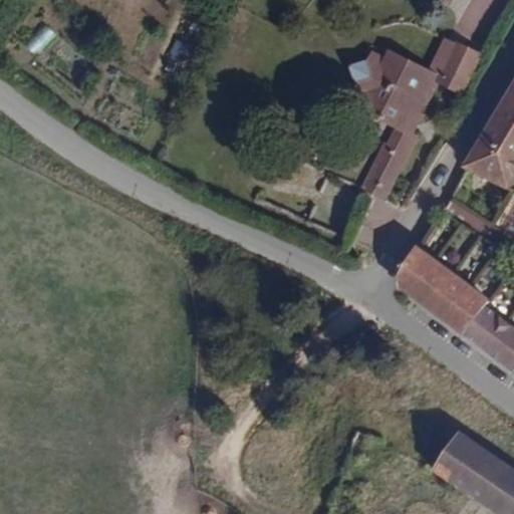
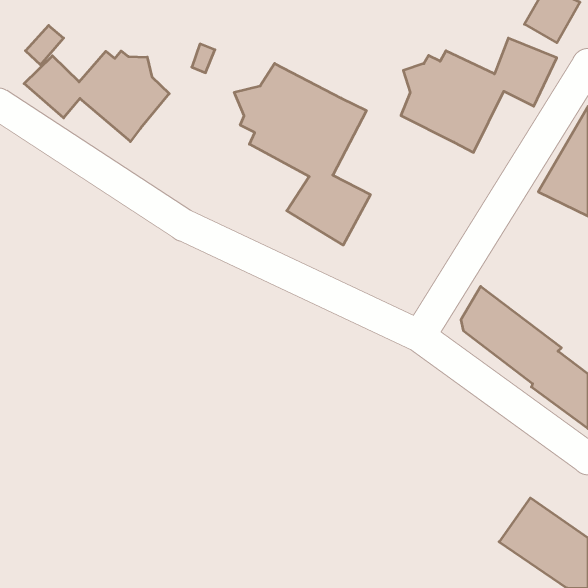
building: none -> [24,51,169,142]
building: none -> [234,63,370,245]
building: [361,123,417,198] -> none

